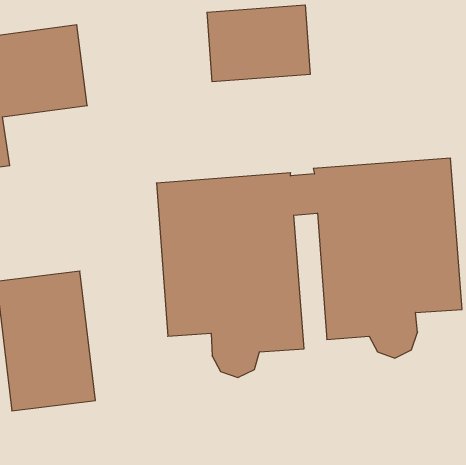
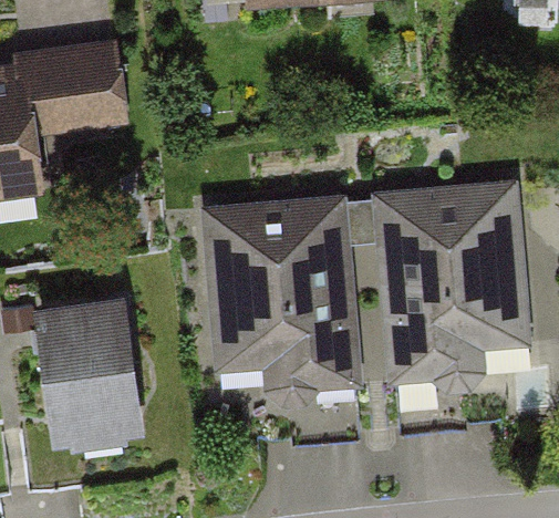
building: [207,5,310,82] -> none

